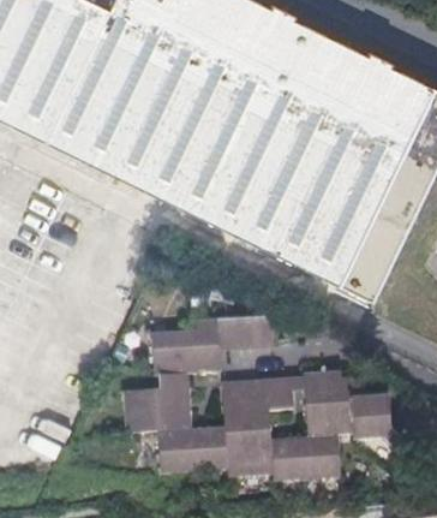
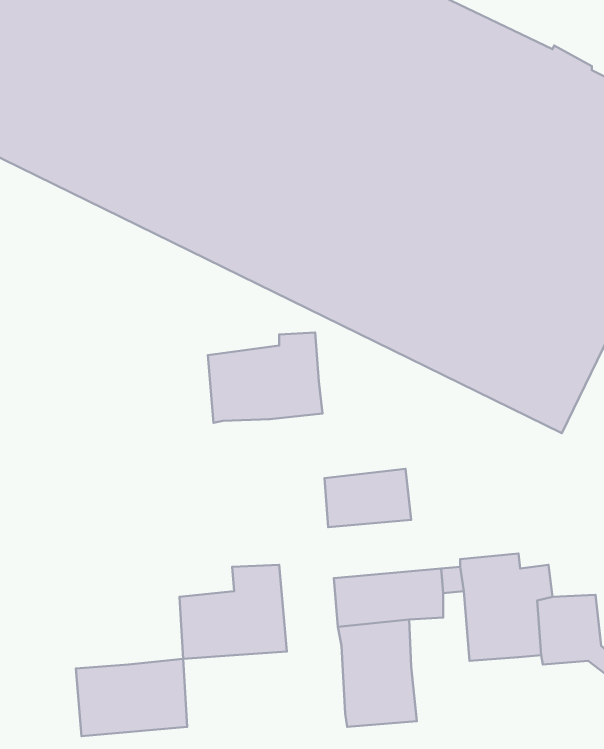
building: [148,326,221,383] -> [208,332,323,423]
building: [158,433,229,482] -> [76,659,187,736]
building: [271,440,343,488] -> none

